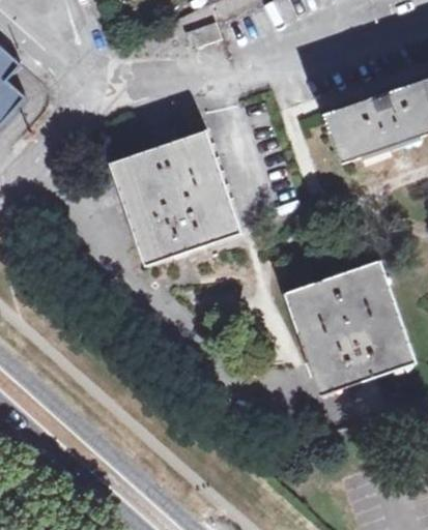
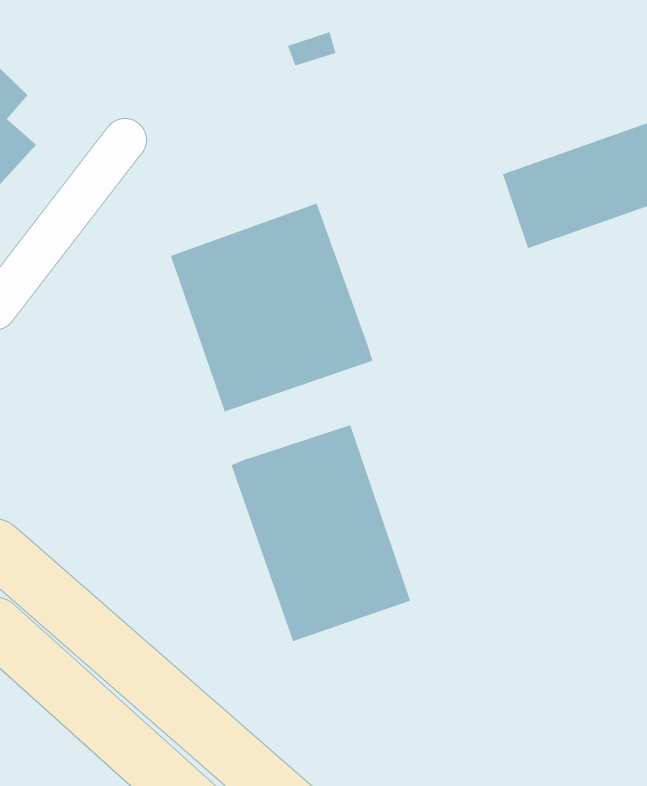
building: [283,259,413,393] -> none
building: none -> [231,424,411,642]

